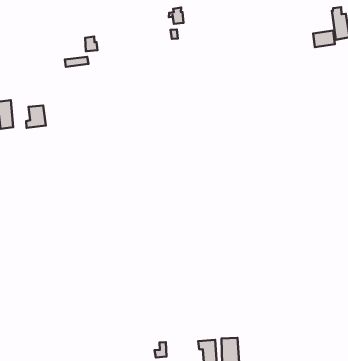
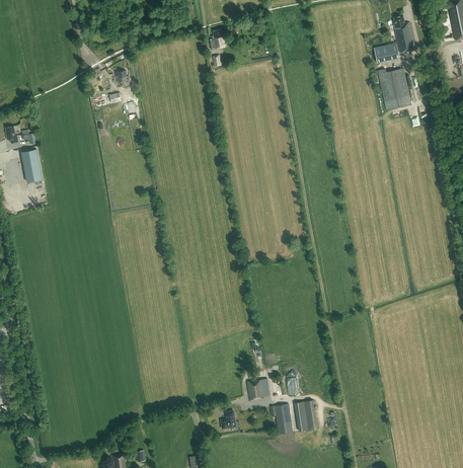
building: none -> [374,68,410,110]
building: [26,106,46,128] -> none
building: none -> [246,379,268,400]

